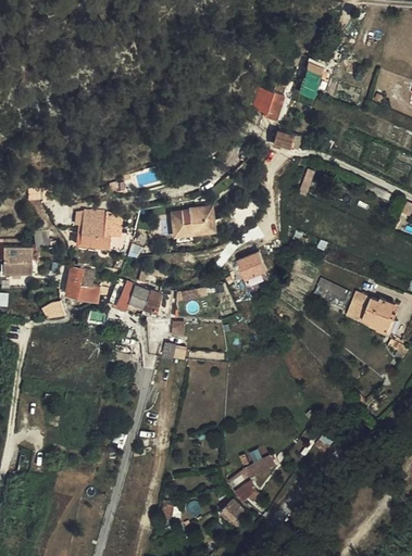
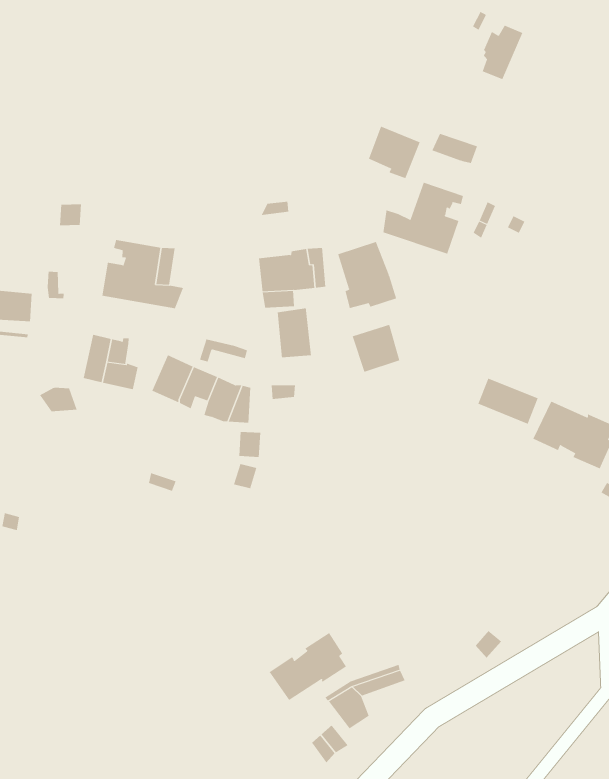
building: [254,89,286,121] -> [368,126,420,179]
building: none -> [383,182,464,255]
building: none -> [337,241,397,309]
building: none -> [277,308,312,358]
building: none -> [269,632,347,701]

